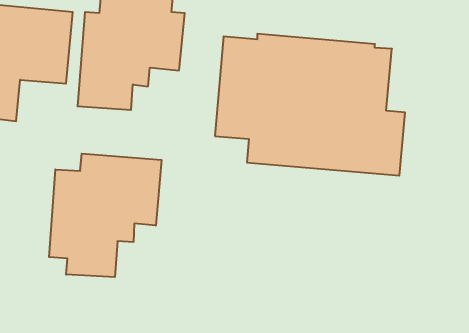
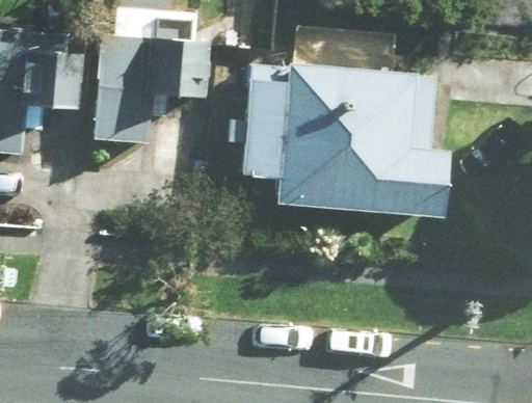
building: [49,154,162,277] -> none

